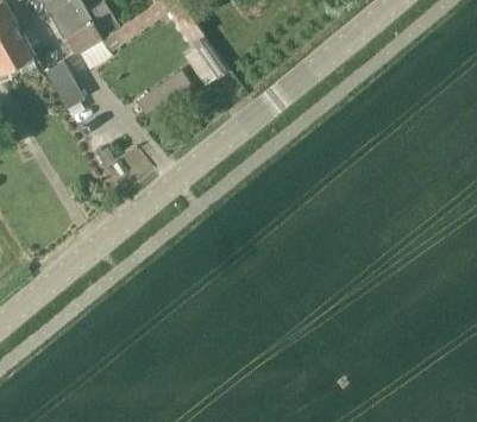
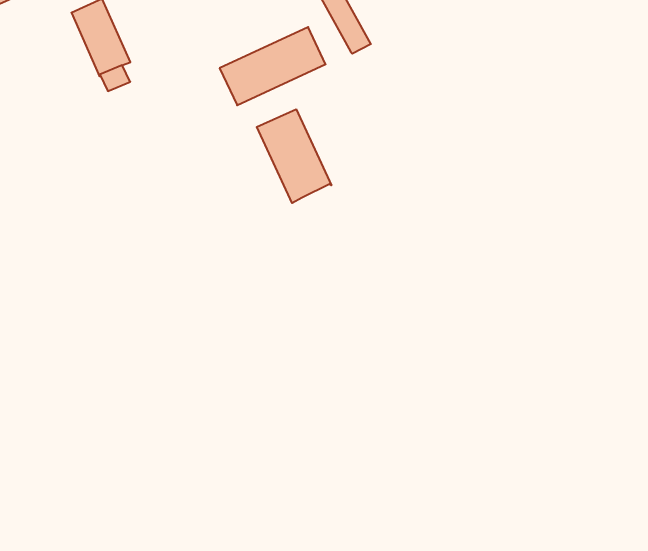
building: none -> [257,109,331,203]

